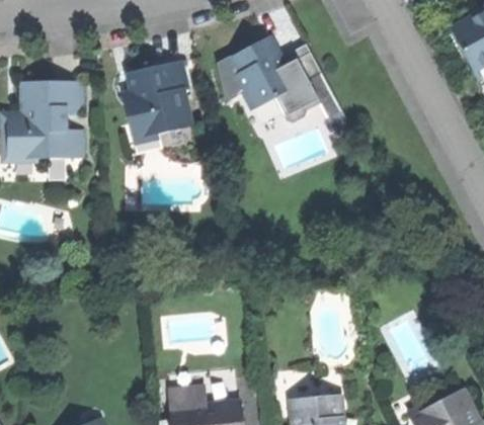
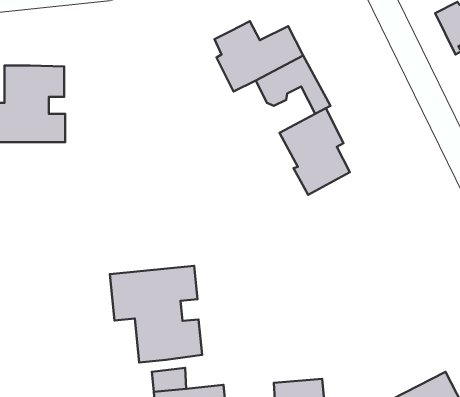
building: [124,61,191,139] -> none
building: none -> [279,108,350,195]
building: none -> [110,266,202,362]

